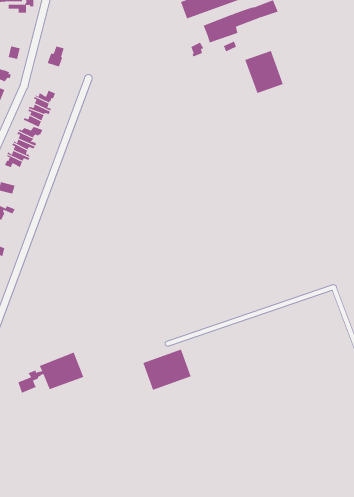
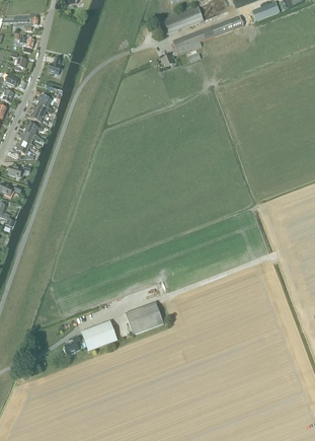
building: [245,50,284,94] -> none
building: [18,352,84,393] -> [63,320,116,354]

